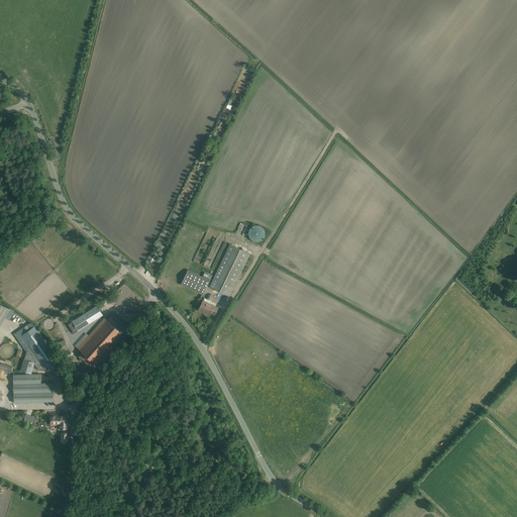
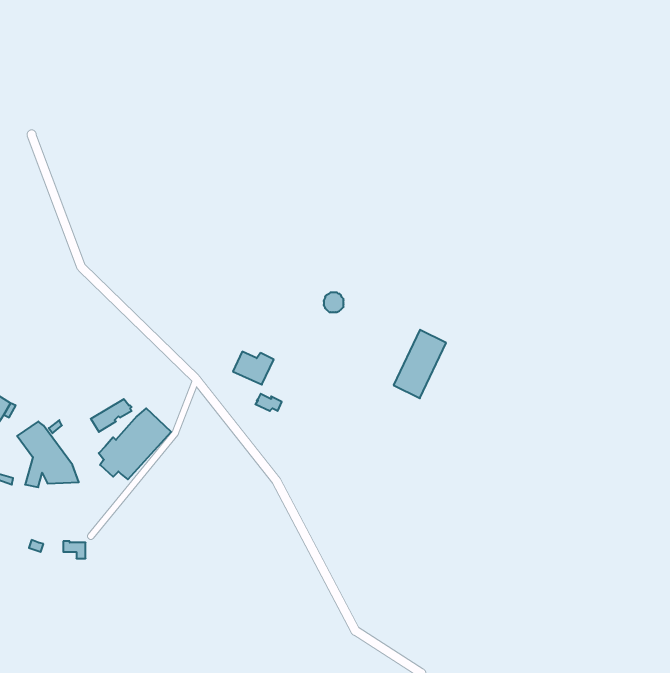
building: [208,244,248,297] -> [394,330,446,398]
building: [11,374,51,403] -> none

